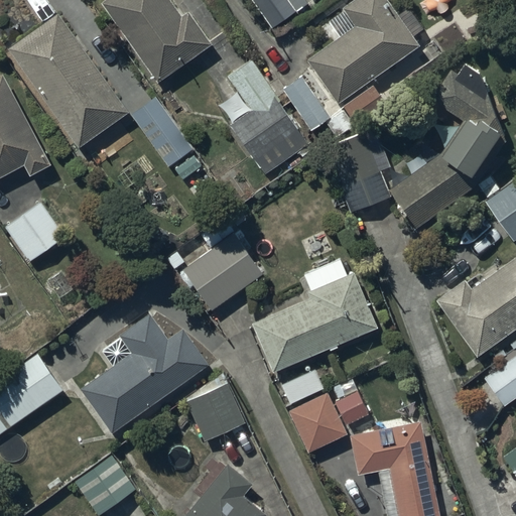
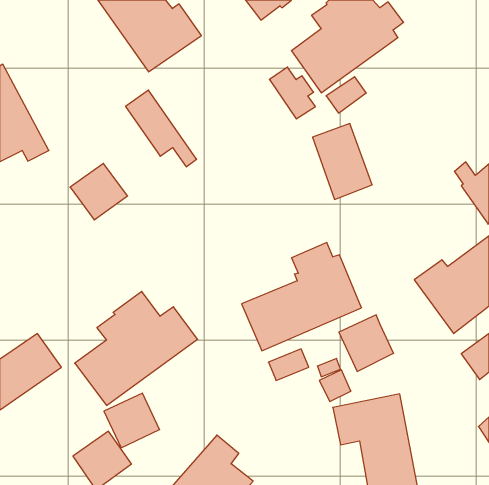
building: [8,16,128,150] -> none
building: [227,58,309,175] -> none
building: [391,60,505,226] -> none
building: [4,202,64,261] -> [70,163,128,220]
building: [182,231,263,309] -> none
building: [187,387,246,444] -> [104,393,160,448]
building: [290,395,348,455] -> [339,315,394,371]

